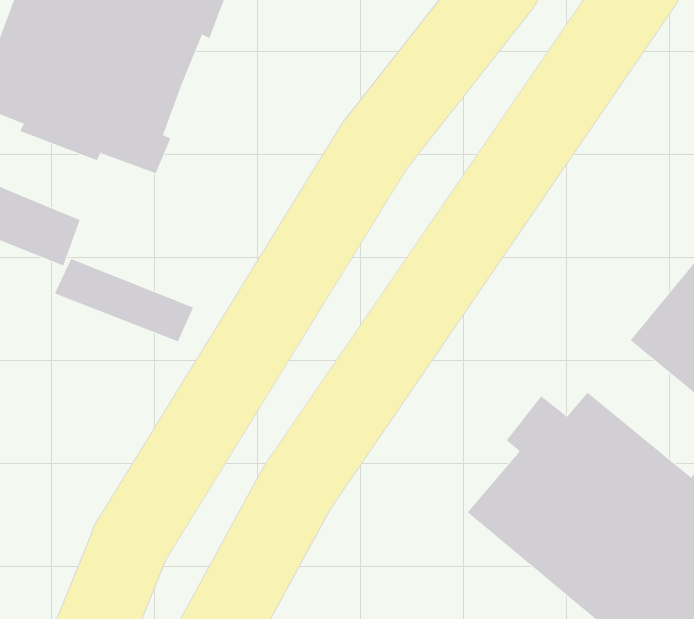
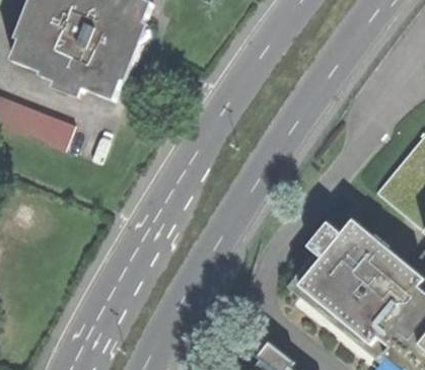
building: [54,258,194,342] -> none

